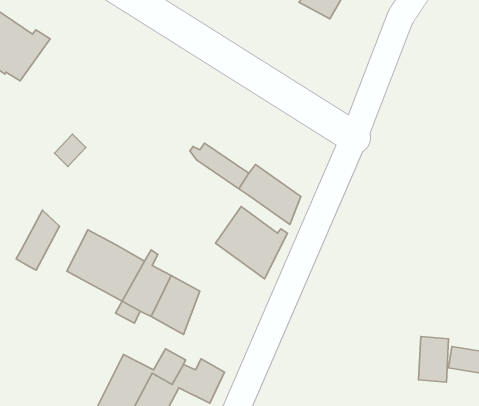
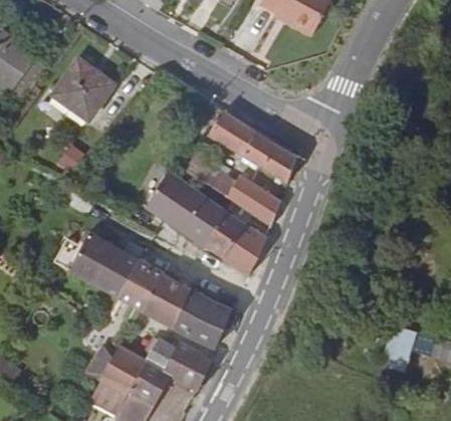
building: none -> [54,57,116,119]
building: none -> [208,107,294,182]
building: none -> [146,169,226,243]
building: [16,210,59,270] -> none
building: none -> [174,286,230,348]

